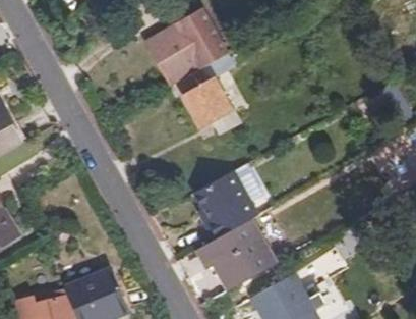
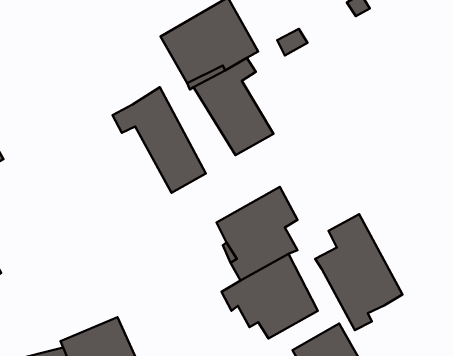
building: none -> [113,87,206,193]
building: none -> [315,214,402,330]

